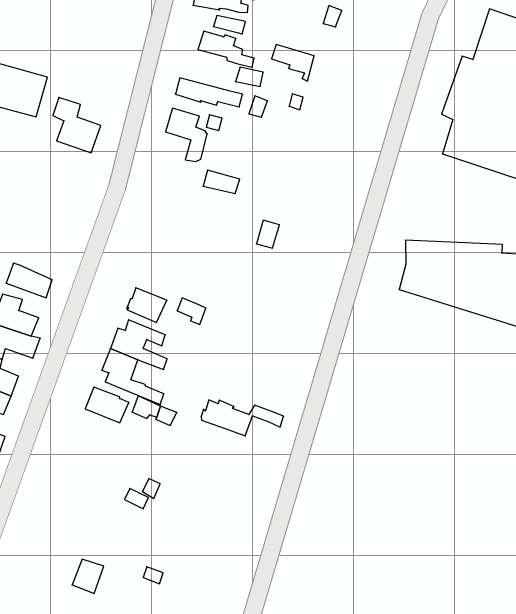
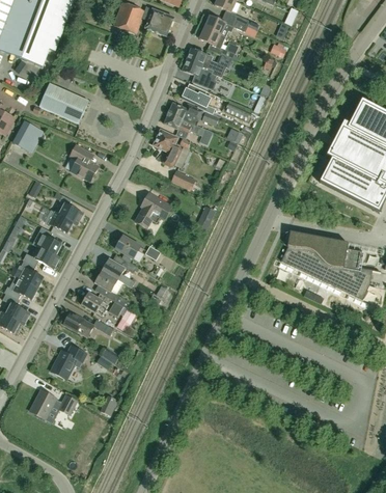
building: none -> [168,102,204,125]
building: [53,97,101,153] -> [71,144,99,181]
building: none -> [134,191,171,228]
building: none -> [55,194,83,224]
building: [201,400,284,436] -> [63,311,113,336]
building: none -> [51,346,87,378]
building: none -> [30,389,56,417]

